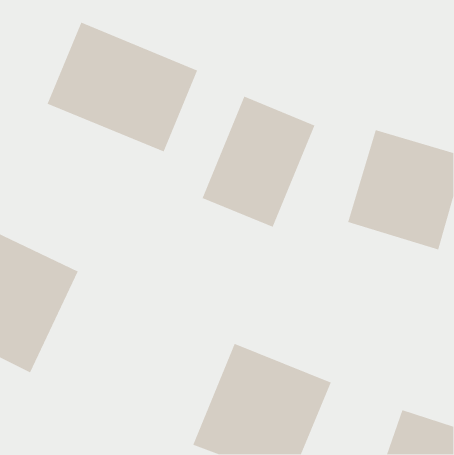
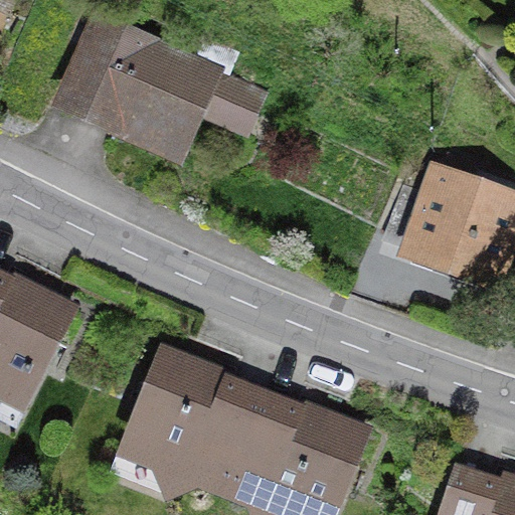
building: [201,96,316,228] -> none
building: none -> [119,345,263,499]

